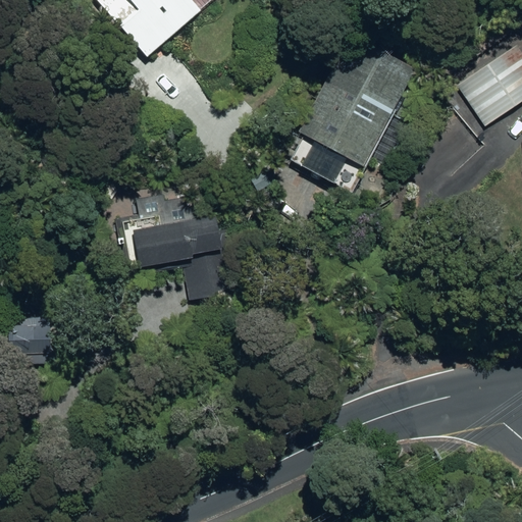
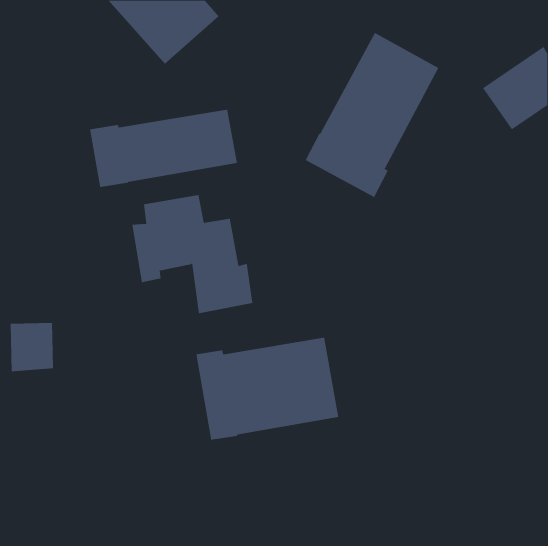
building: none -> [89,109,238,188]
building: none -> [196,337,339,441]

